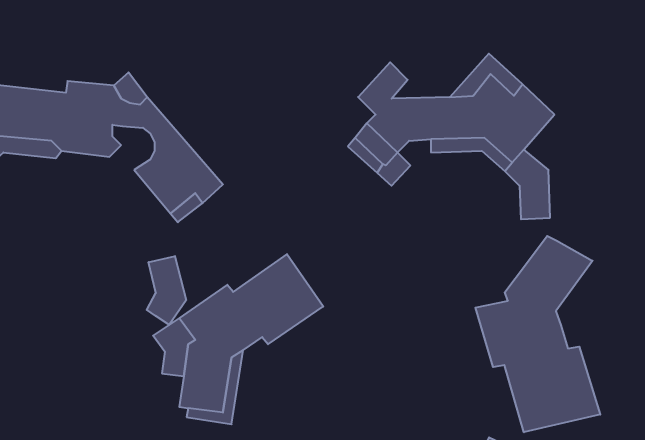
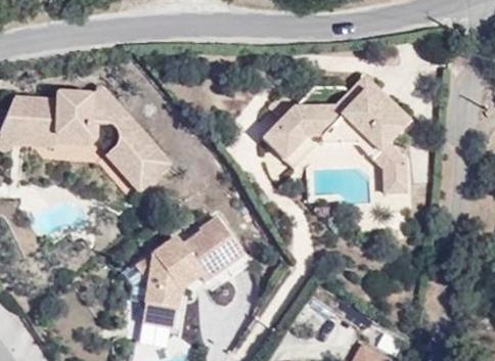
building: [475,236,600,432] -> none
building: [147,256,186,325] -> none

